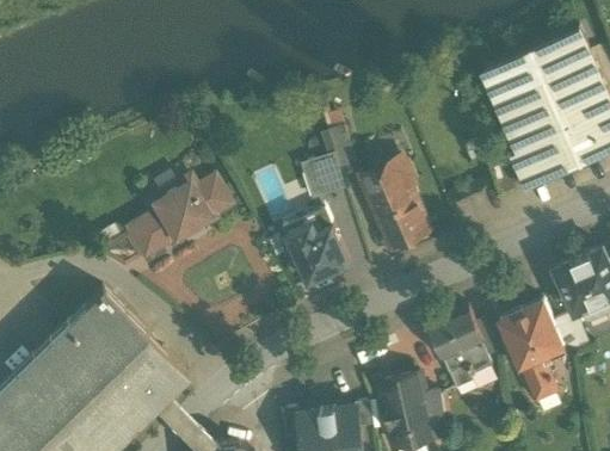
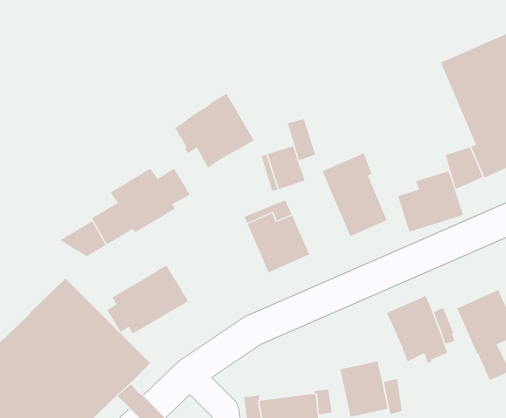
building: none -> [174,93,254,169]
building: none -> [398,170,464,233]
building: none -> [107,264,189,334]

